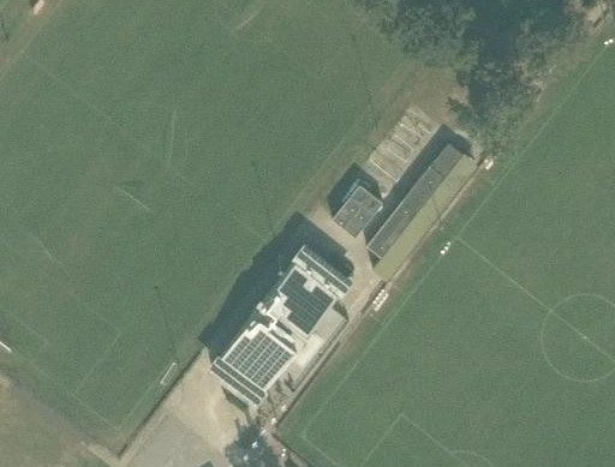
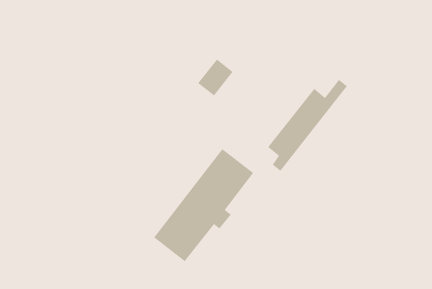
building: [333,184,382,235] -> [197,59,234,97]

